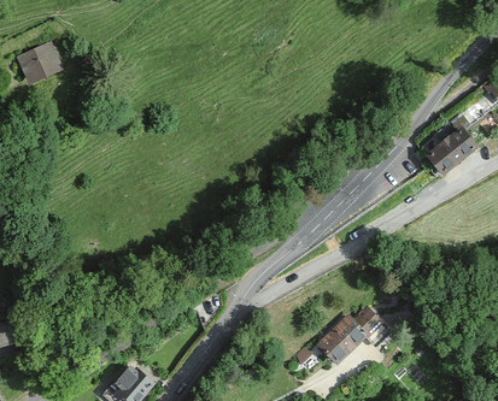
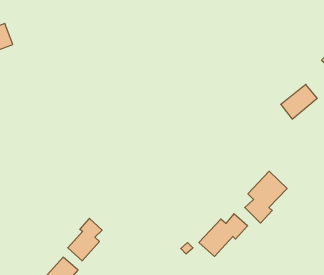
building: none -> [245,171,287,223]
building: none -> [68,218,102,261]

